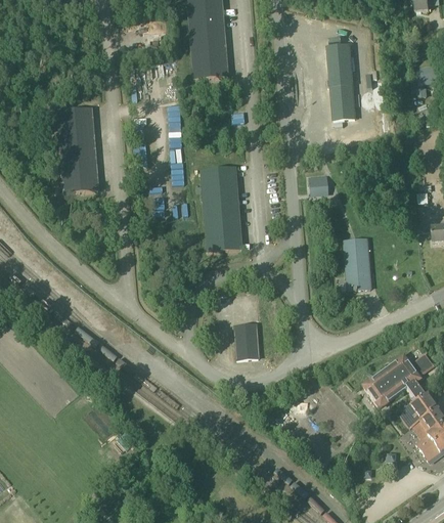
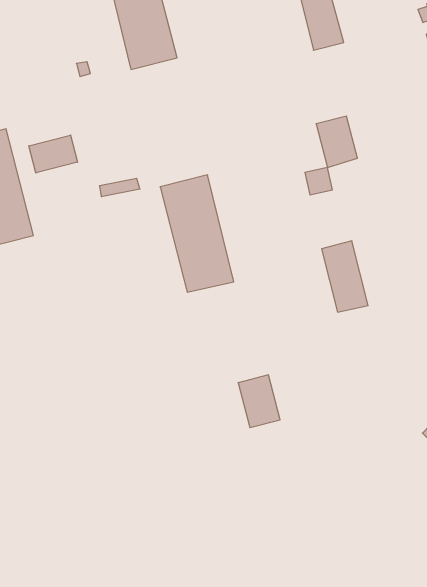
building: [329,84,356,120] -> [316,116,357,167]
building: none -> [29,135,78,173]
building: [342,237,369,289] -> [322,241,368,312]

